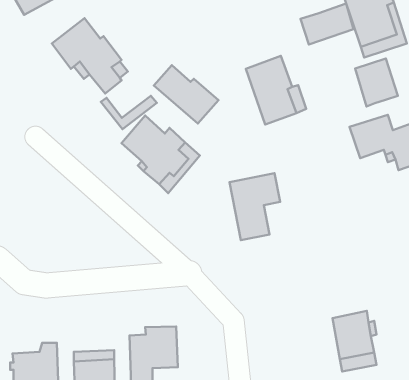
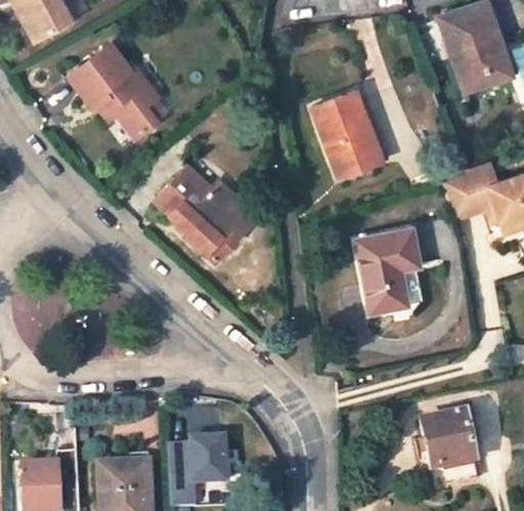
building: [301,3,354,44] -> none
building: [355,58,398,106] -> none
building: [154,65,218,123] -> none
building: [101,96,157,129] -> none
building: [229,173,280,240] -> [356,228,420,312]

